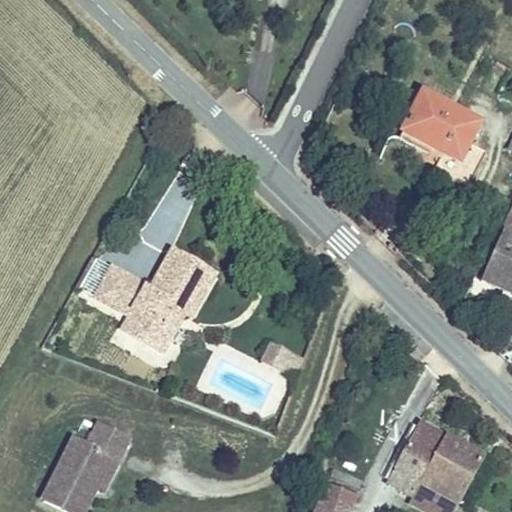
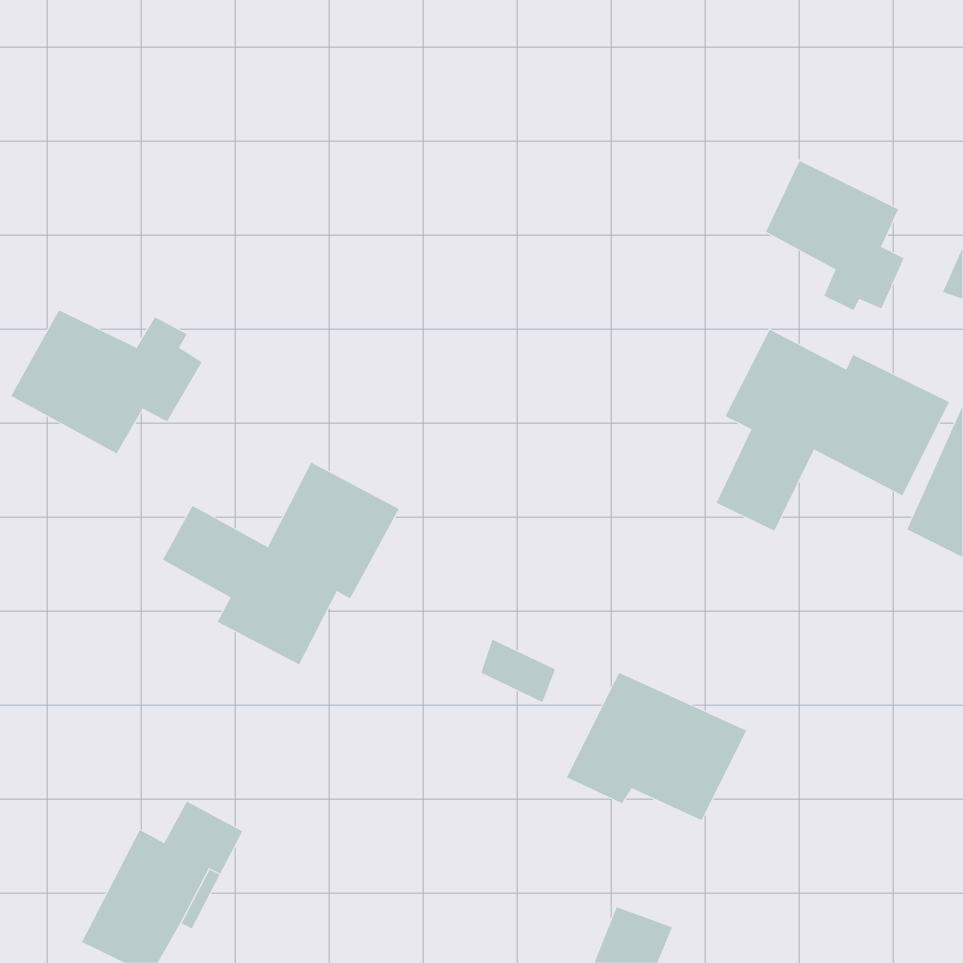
building: none -> [10,310,202,454]
building: none -> [716,329,950,532]
building: [384,423,480,502] -> [566,672,747,821]

